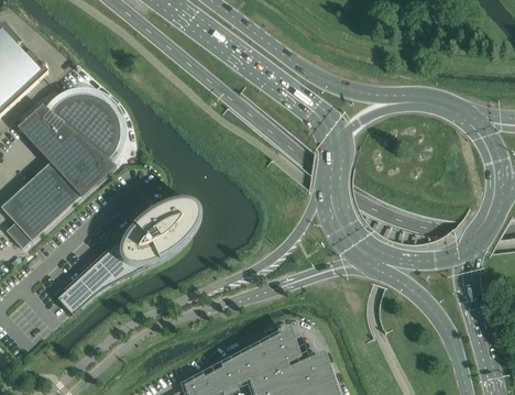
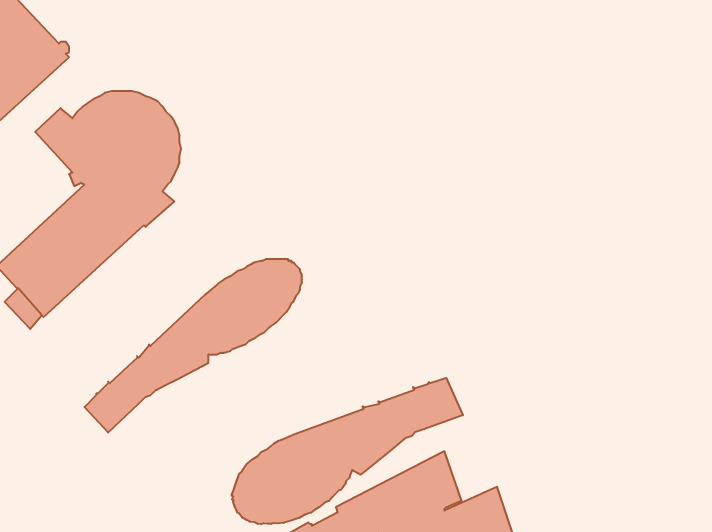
building: none -> [232,378,463,524]

